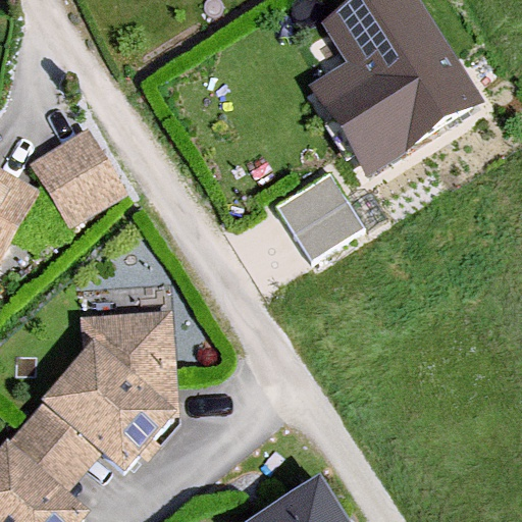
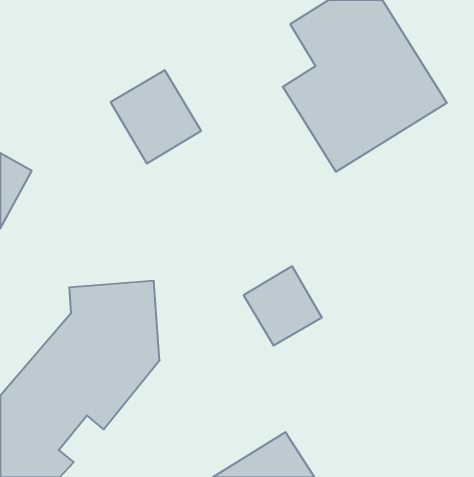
building: [28,125,126,227] -> [111,70,201,164]
building: [282,178,368,265] -> [244,266,322,346]

